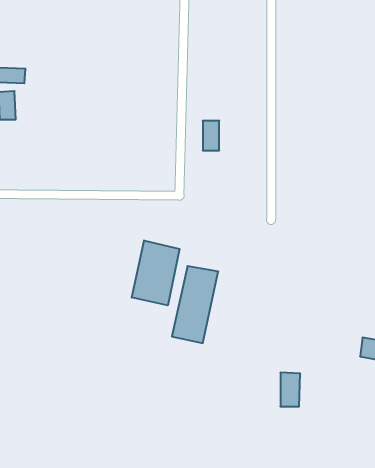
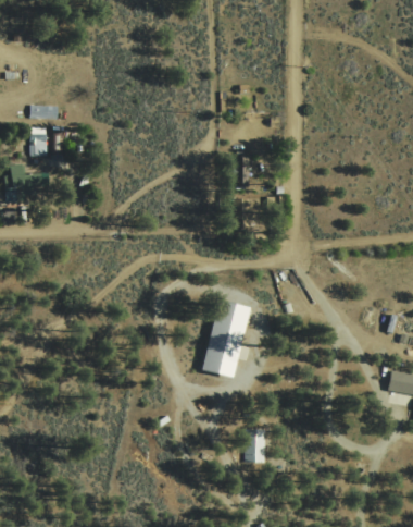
building: [132,240,180,305] -> none
building: [280,373,300,407] -> [247,429,266,463]

